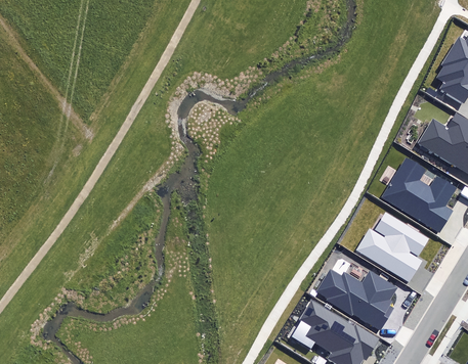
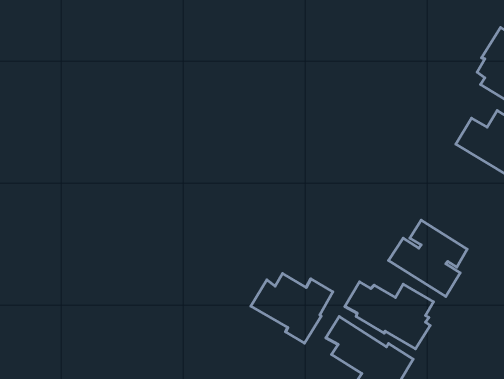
building: [380,156,457,233] -> none
building: none -> [251,273,333,343]

